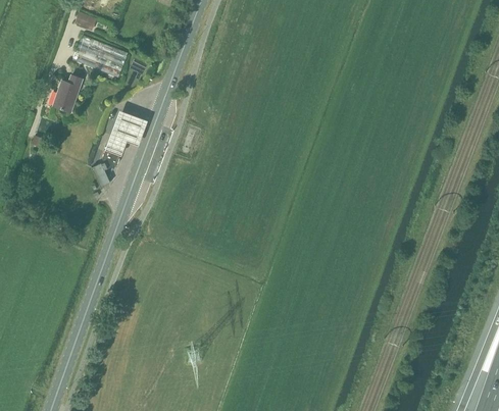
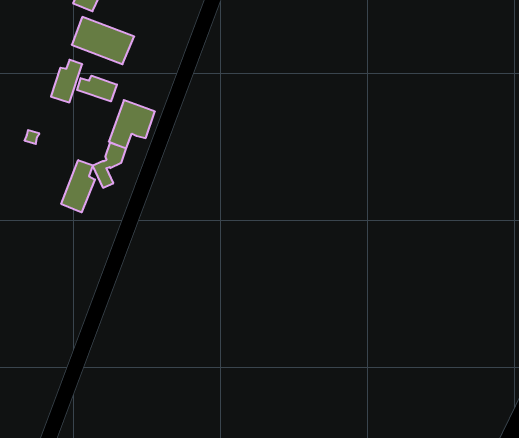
building: none -> [77,76,117,101]
building: none -> [61,160,95,212]

